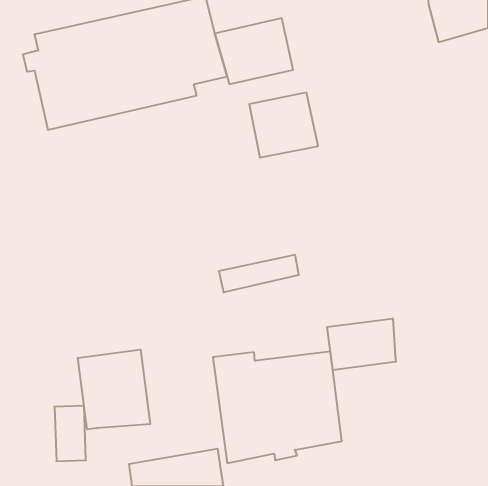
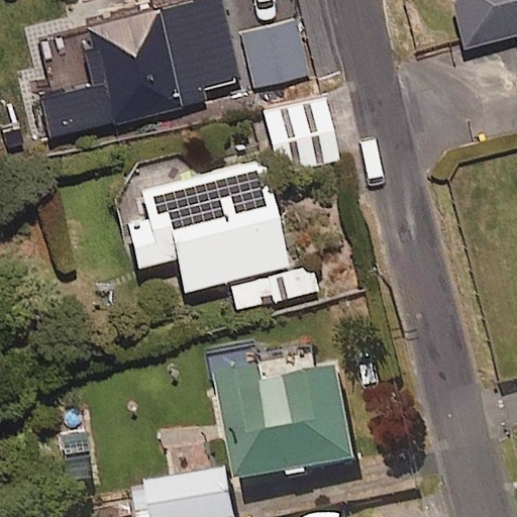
building: none -> [126,161,287,293]
building: [327,318,396,370] -> none
building: [78,349,150,429] -> none

